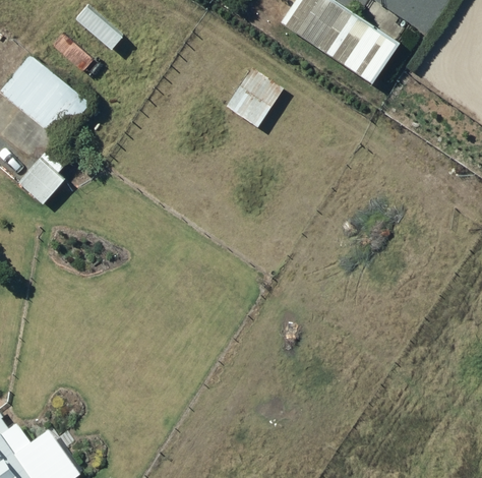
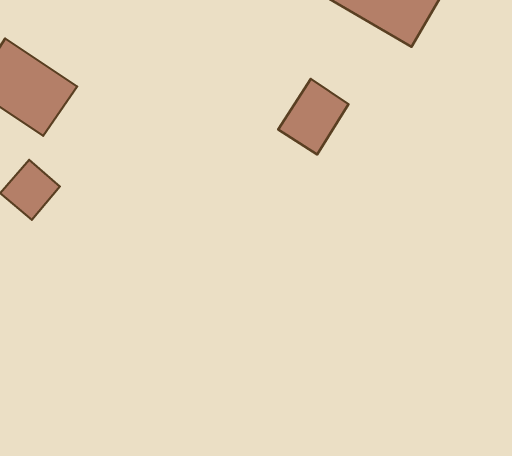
building: [224,66,285,130] -> [278,79,349,155]

